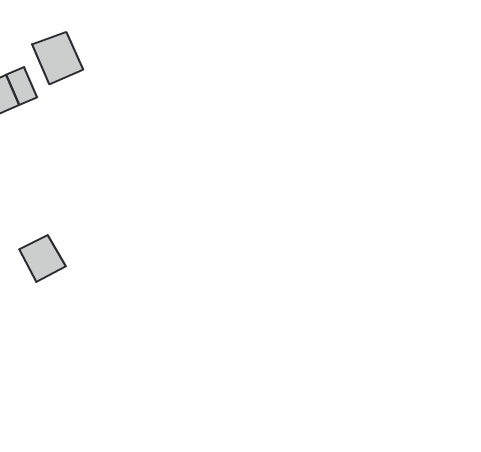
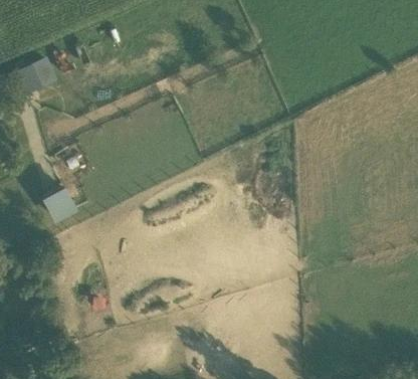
building: [32,32,83,84] -> none

